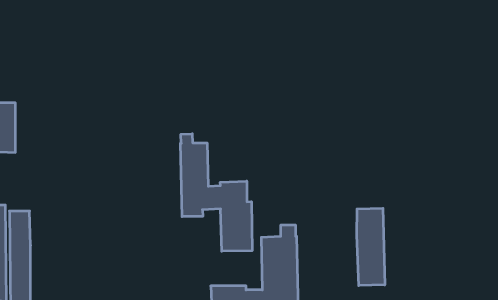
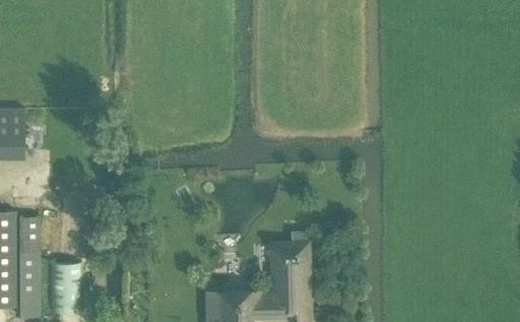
building: [180,134,252,251] -> none
building: [357,208,385,286] -> none

